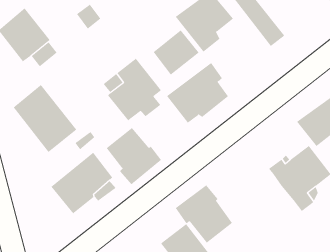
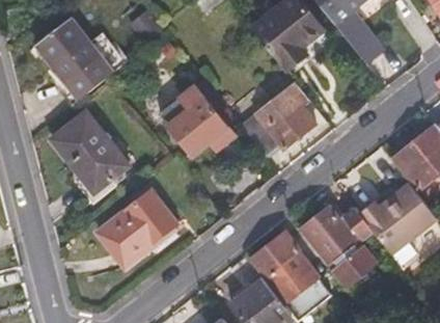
building: [153,30,199,75] -> none
building: [106,127,162,185] -> none
building: none -> [304,206,379,289]

